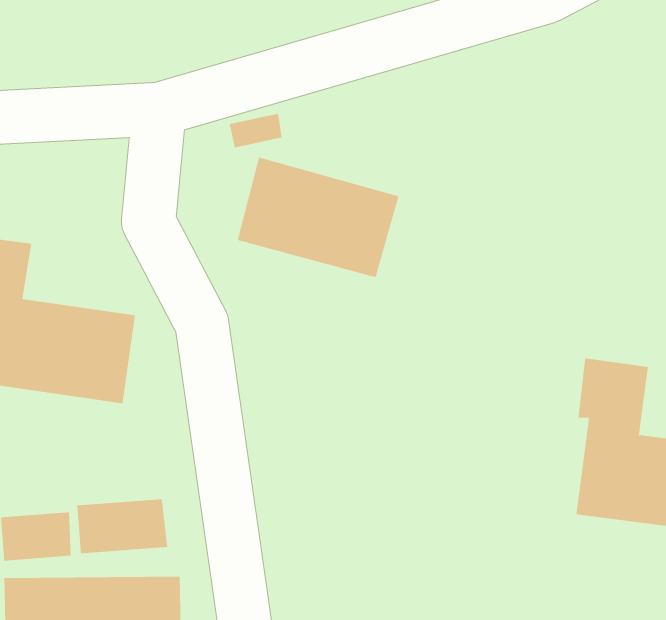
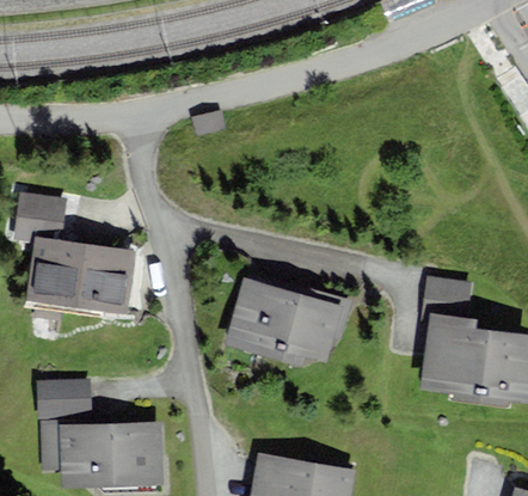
building: [237,156,400,278] -> [227,280,336,361]
building: [77,499,168,554] -> none

